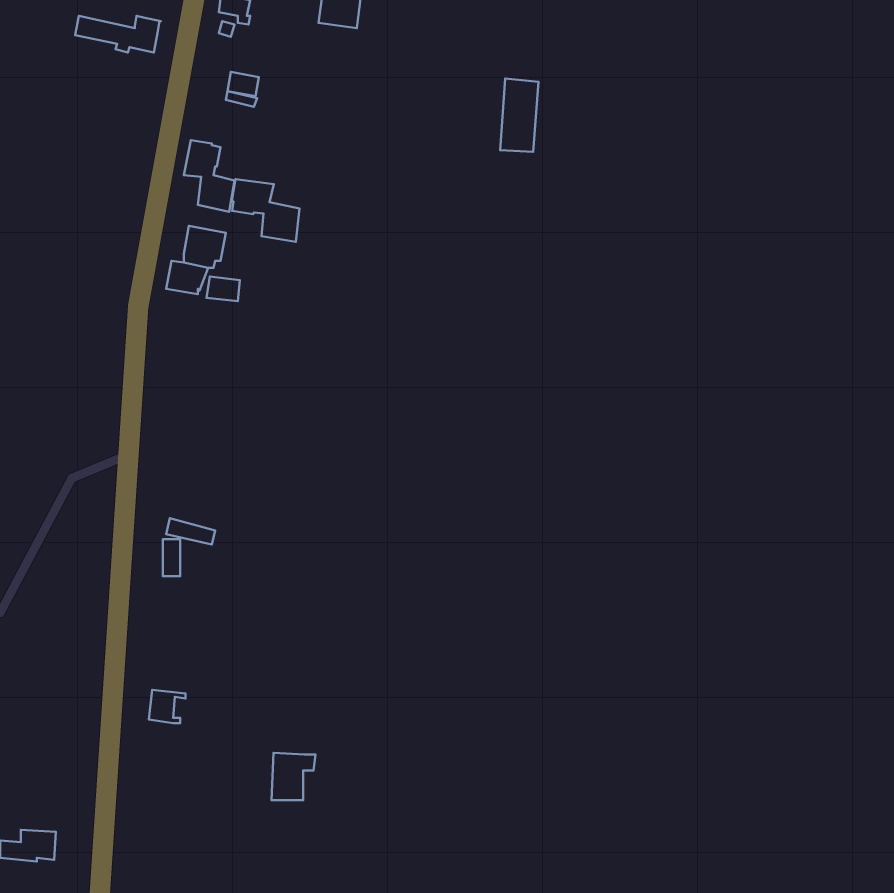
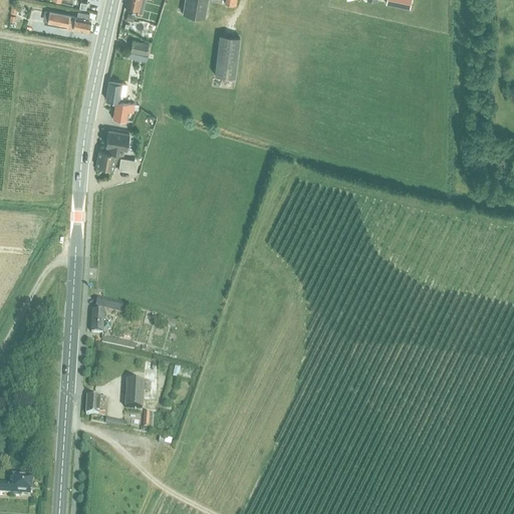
building: [500,78,539,152] -> [216,34,238,76]
building: [232,179,299,242] -> none
building: [272,753,315,800] -> [125,380,151,408]

